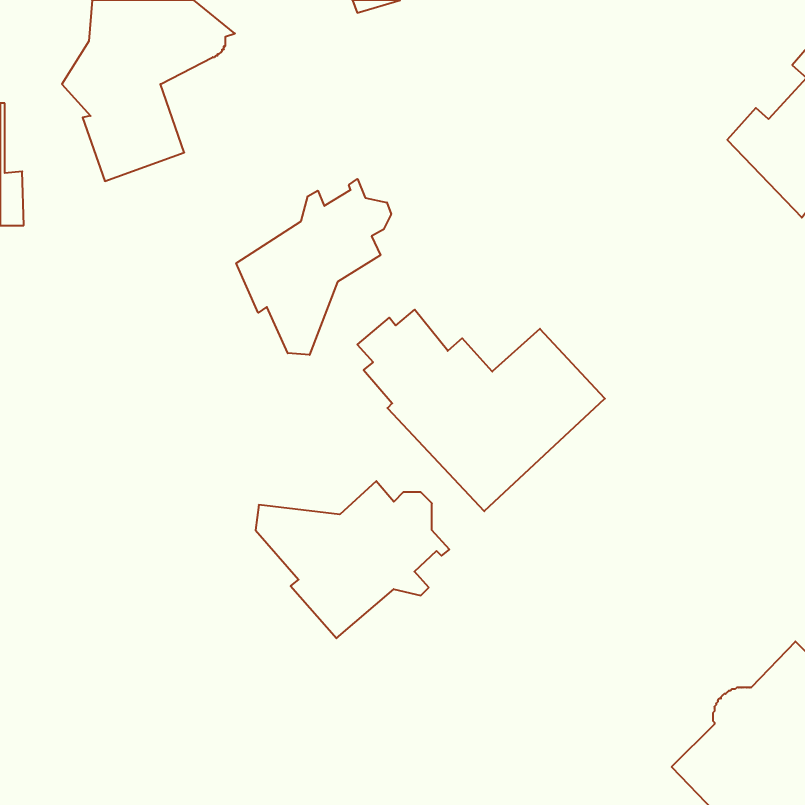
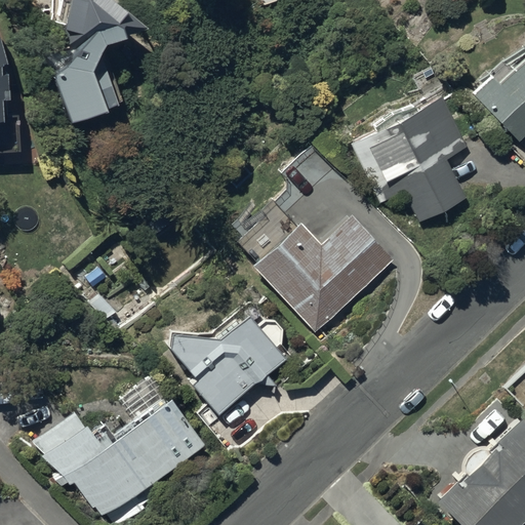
building: none -> [352,92,470,225]
building: [236,179,391,355] -> none
building: none -> [30,378,205,519]

